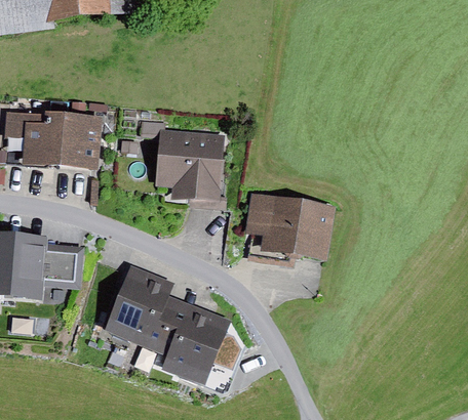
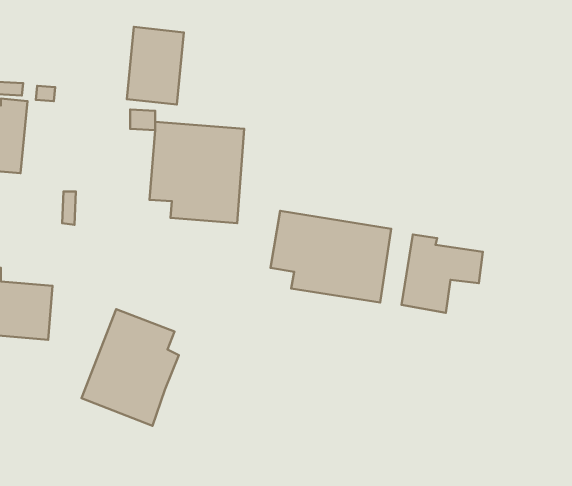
building: [57,111,100,168] -> [127,27,184,105]
building: none -> [402,234,483,313]
building: [159,298,238,385] -> none

